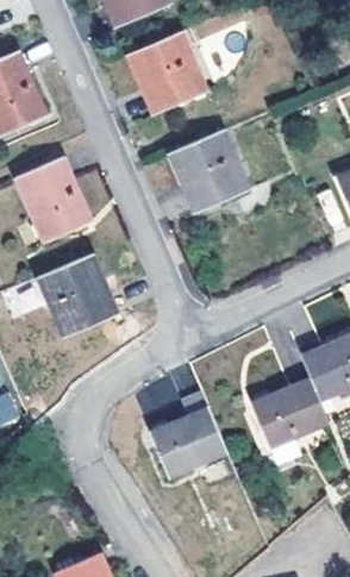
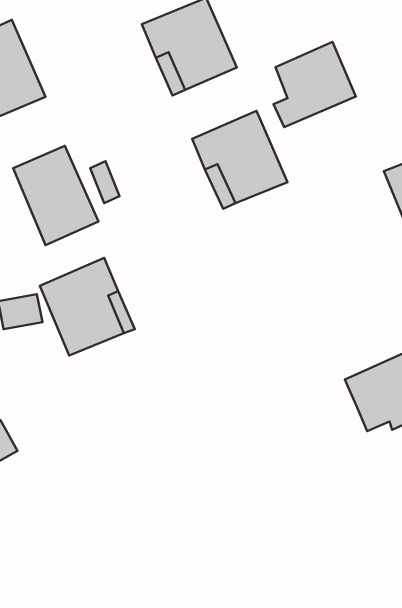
building: none -> [273,42,356,127]
building: [249,378,327,449] -> none
building: [145,407,227,477] -> none

